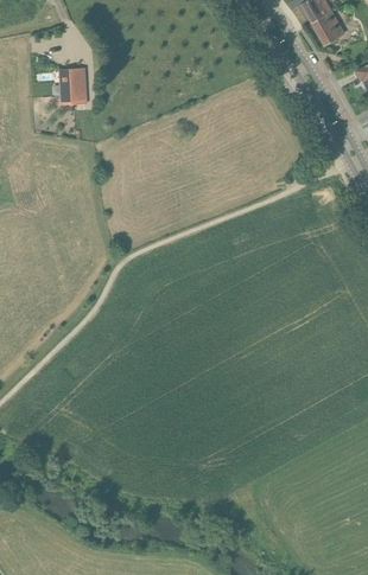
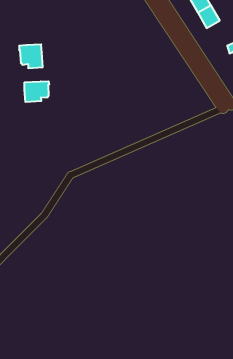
building: none -> [25,81,49,102]

